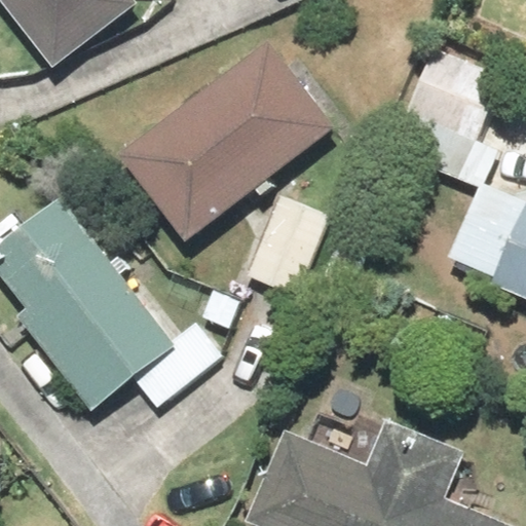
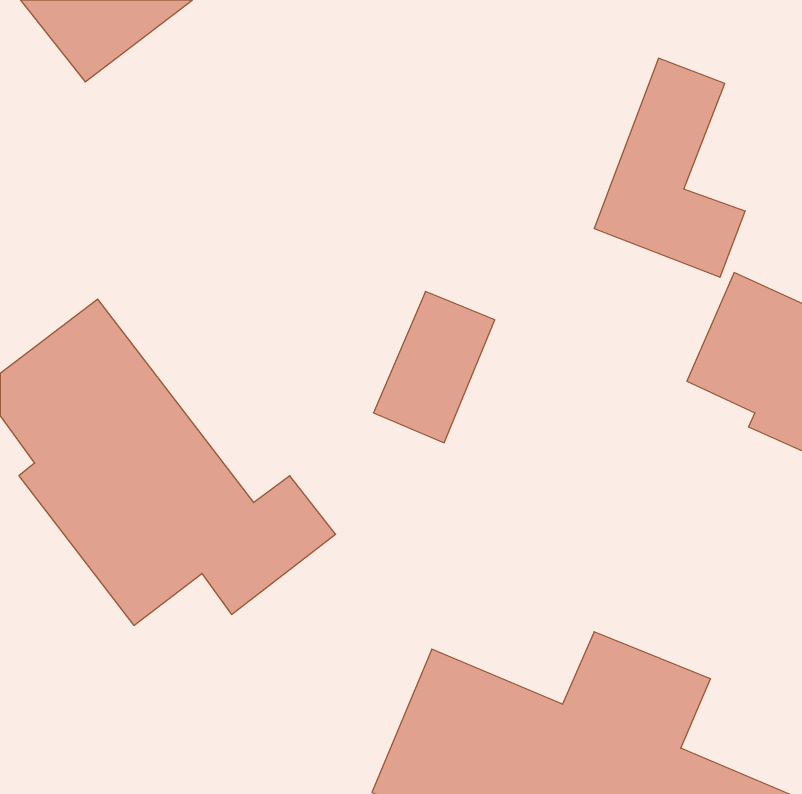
building: [117,39,334,237] -> none

